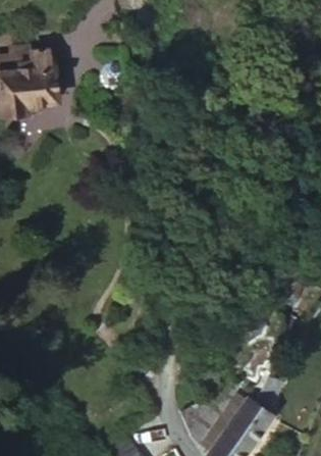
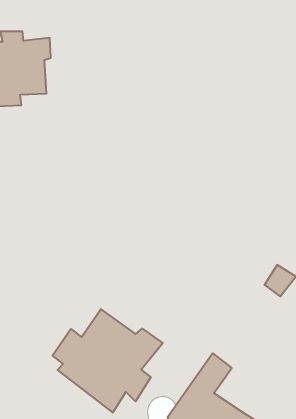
building: none -> [53,309,163,413]

